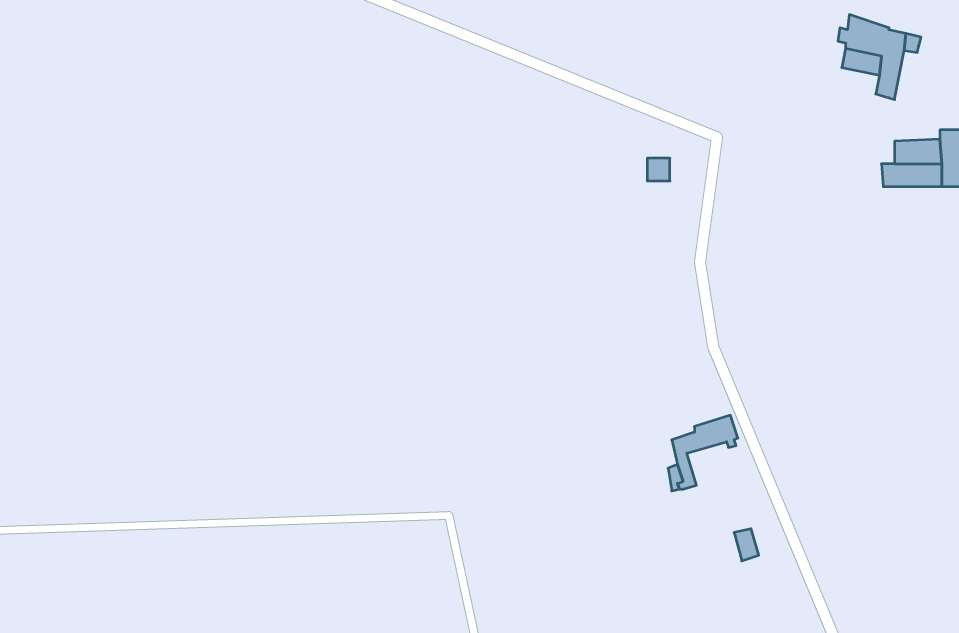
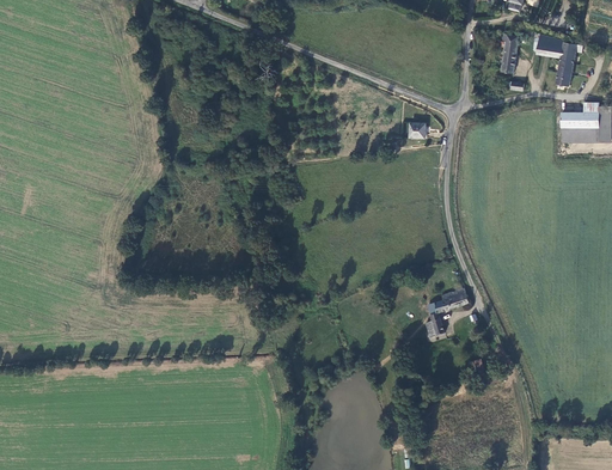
building: none -> [497,32,518,73]

